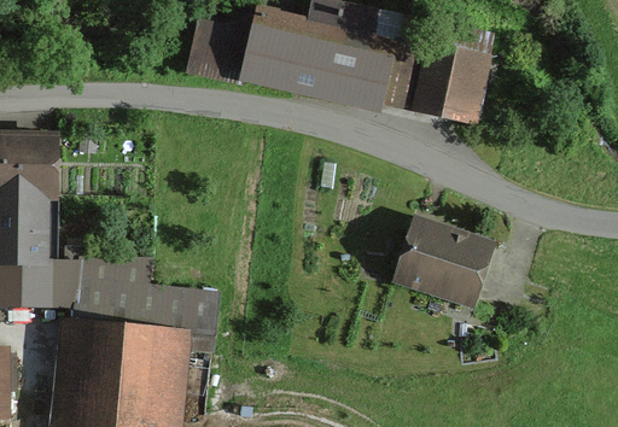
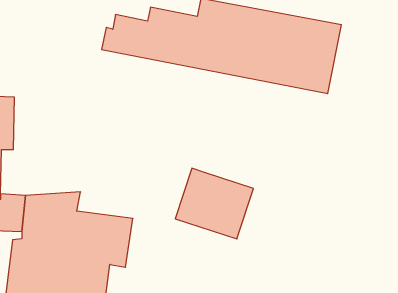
building: [392,214,495,306] -> [175,168,253,239]

